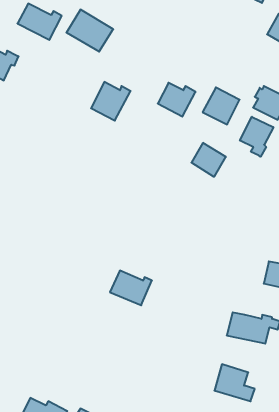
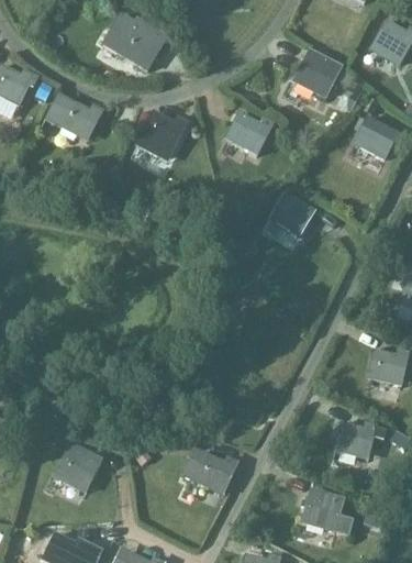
building: [17,4,62,40] -> [44,93,103,142]
building: [203,87,240,124] -> [292,48,342,98]
building: [240,117,273,157] -> none
building: [110,271,152,305] -> [179,446,235,493]
building: none -> [55,442,102,490]

